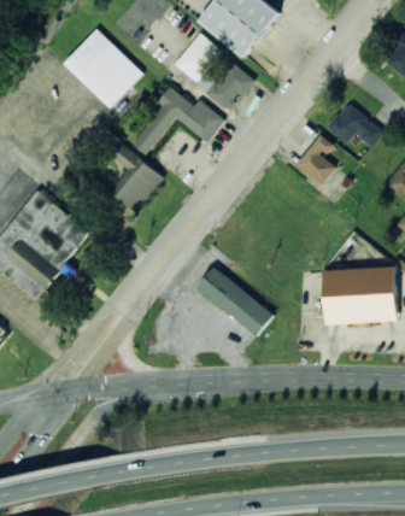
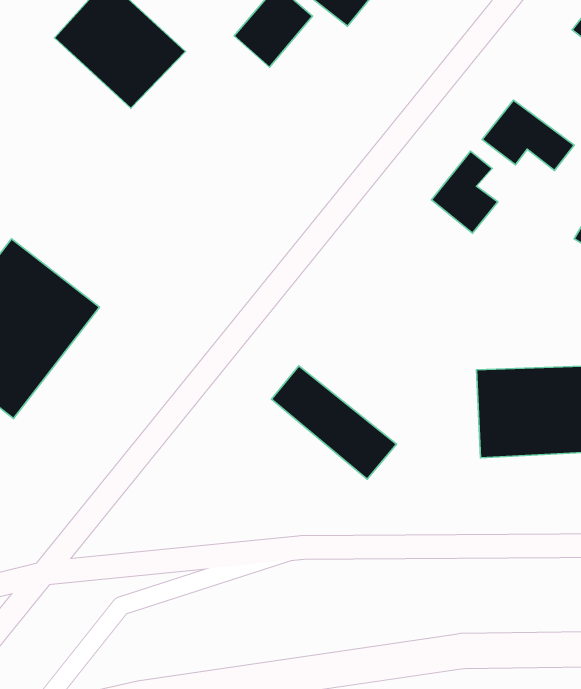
building: [195,61,254,111] -> none
building: [131,86,224,154] -> none
building: [105,137,163,212] -> none

